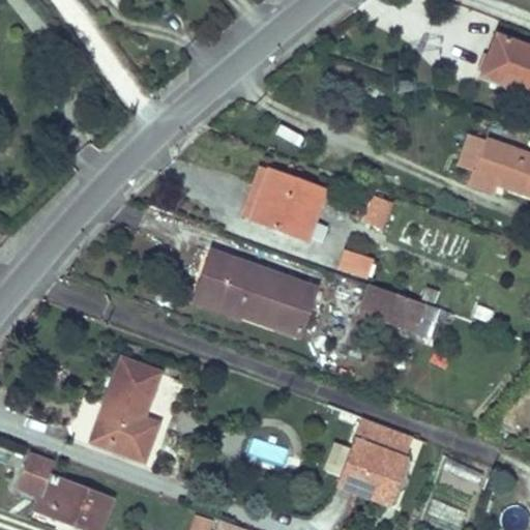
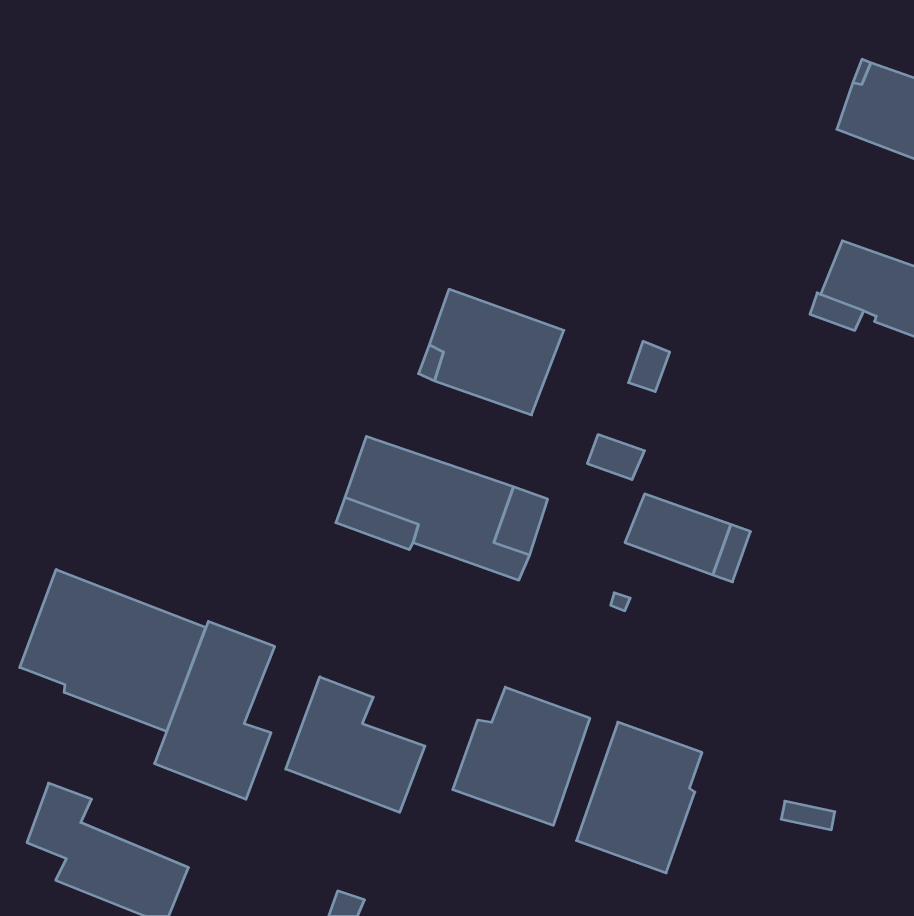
building: none -> [20,569,206,731]
building: none -> [286,677,425,812]
building: none -> [453,687,590,825]

